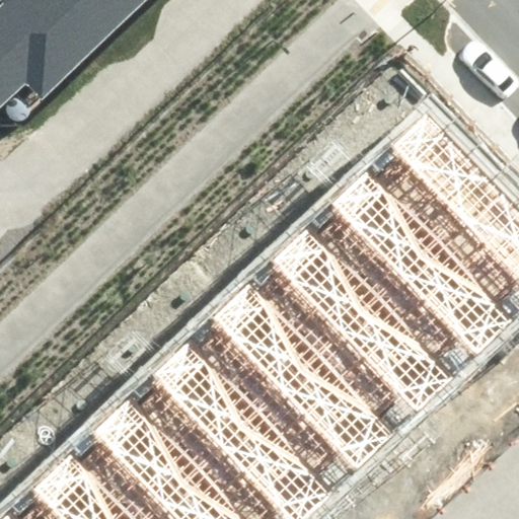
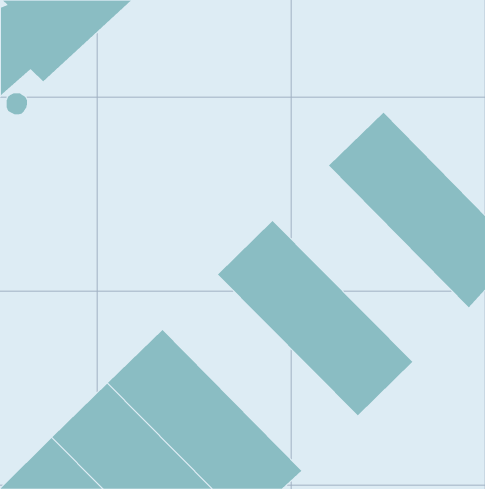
building: [293,175,501,383] -> none
building: [176,291,383,499] -> none

